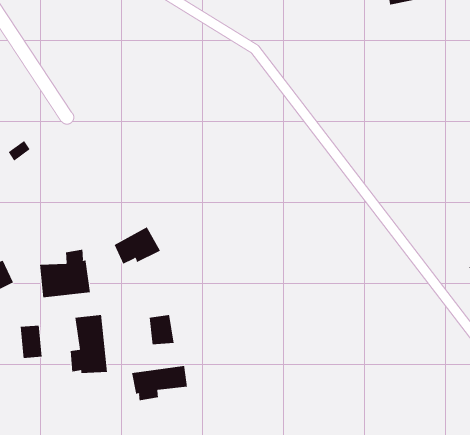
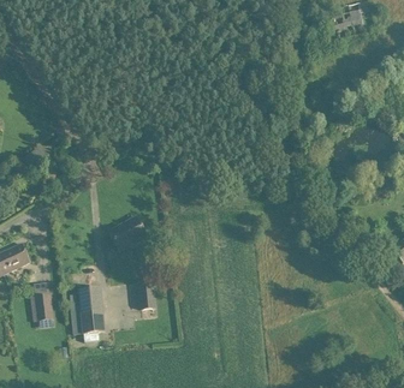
building: [40,249,91,298] -> none
building: [132,365,187,401] -> none

